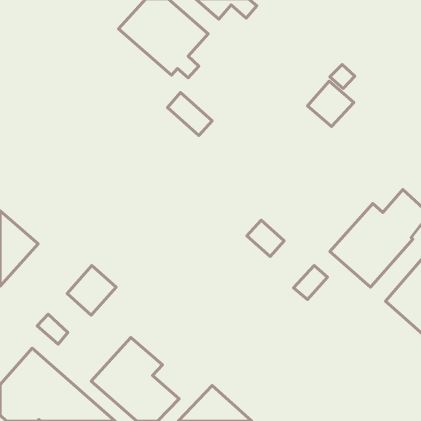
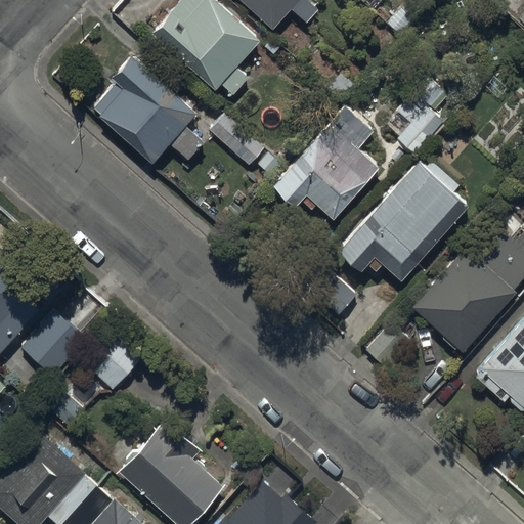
building: none -> [100,59,203,164]
building: none -> [272,110,378,223]
building: none -> [335,162,470,287]
building: none -> [23,306,92,376]

